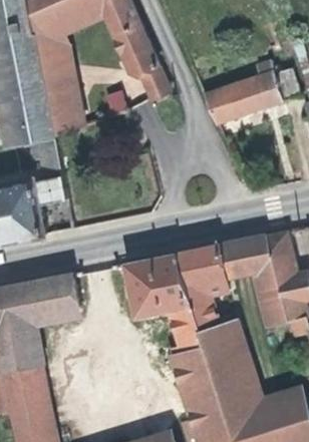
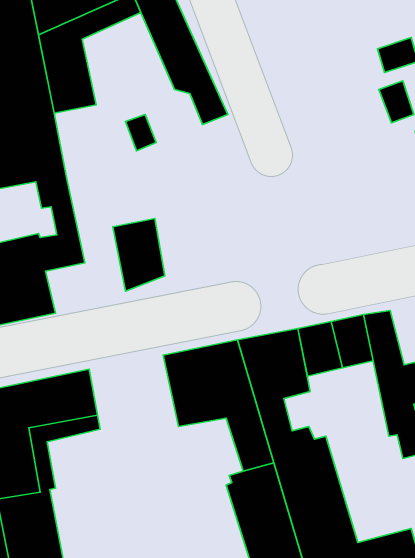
building: [207,72,284,124] -> none
building: [44,84,81,136] -> [113,218,165,291]
building: [251,268,284,327] -> none

